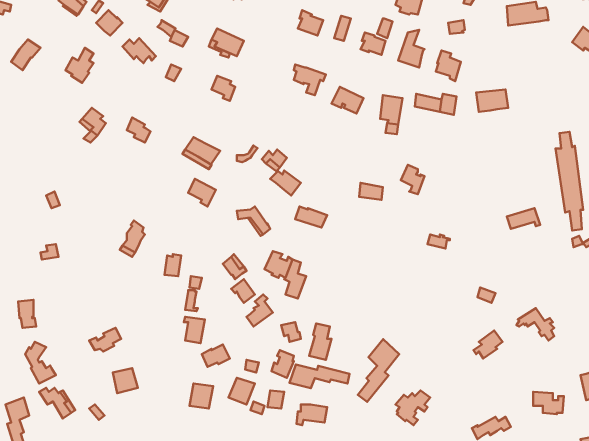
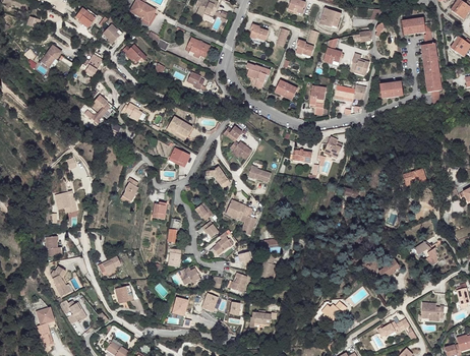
building: [555,132,583,231] -> [421,33,442,105]
building: [358,339,399,402] -> none
building: [290,365,350,388] -> none

